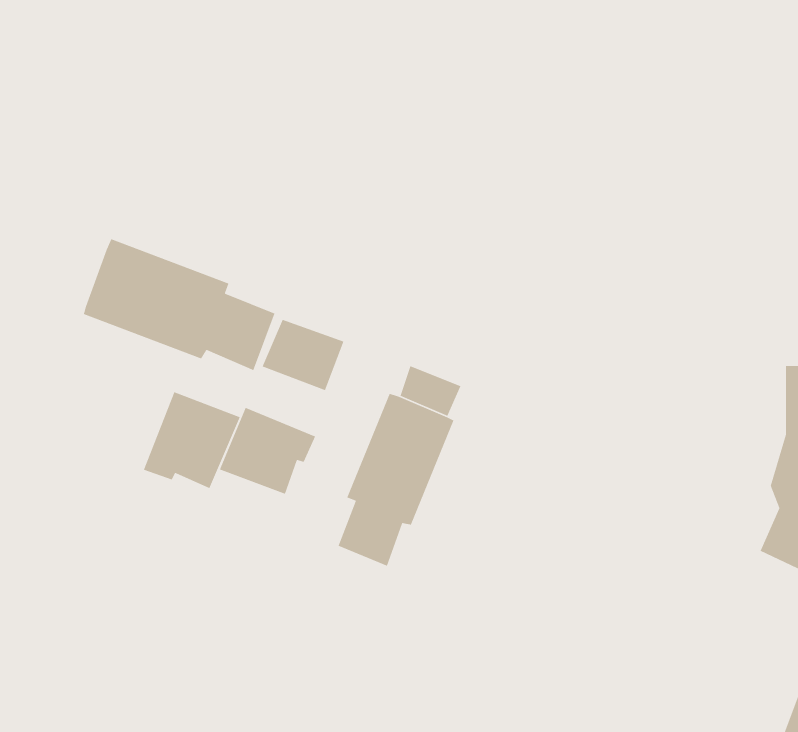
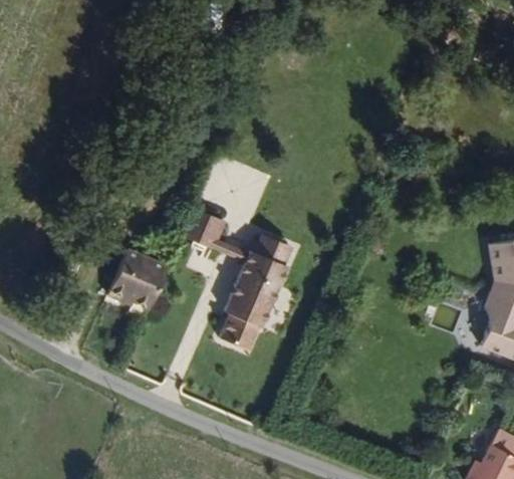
building: [83,238,275,371] -> none
building: [219,407,316,495] -> none

